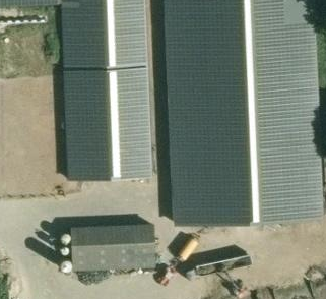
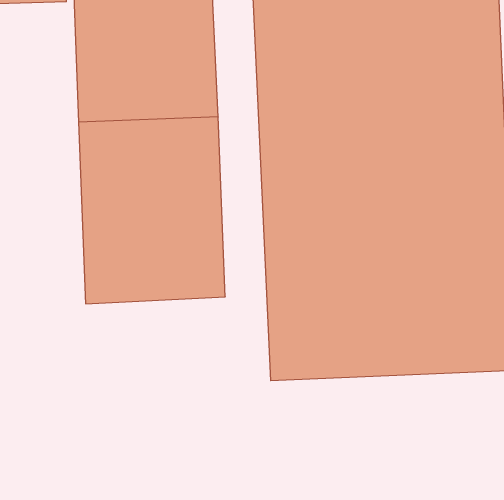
building: [70,225,154,270] -> none

